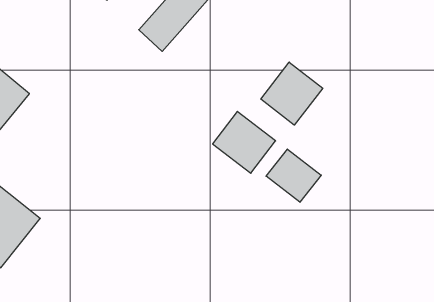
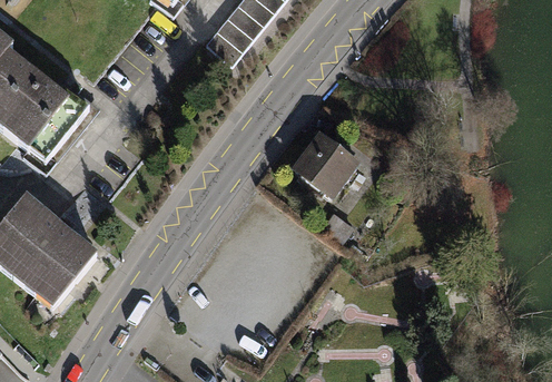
building: [261,62,323,125] -> none
building: [266,149,321,202] -> none

